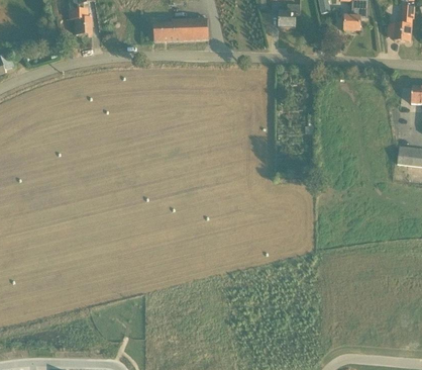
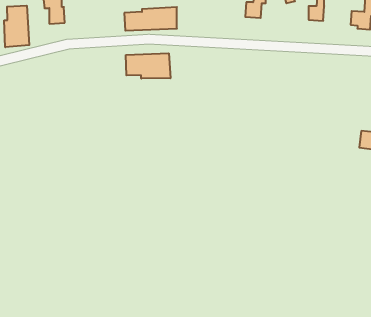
building: none -> [4,6,29,47]
building: none -> [126,53,170,79]

